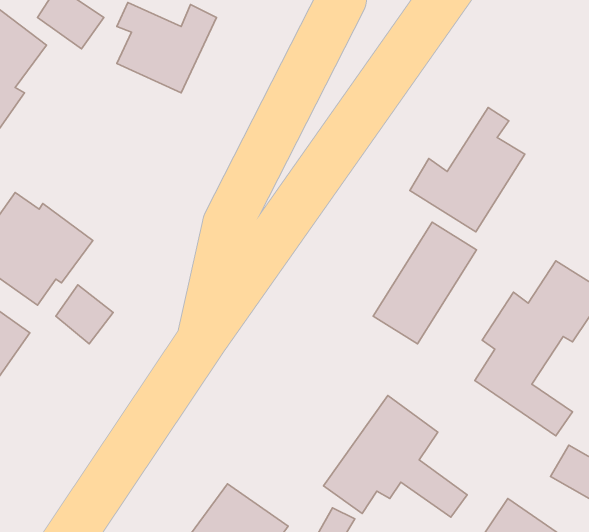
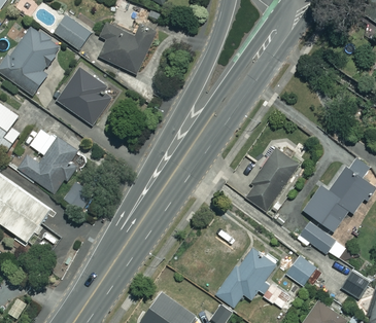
building: none -> [57,68,110,127]
building: [410,108,525,232] -> none
building: none -> [286,255,316,286]

